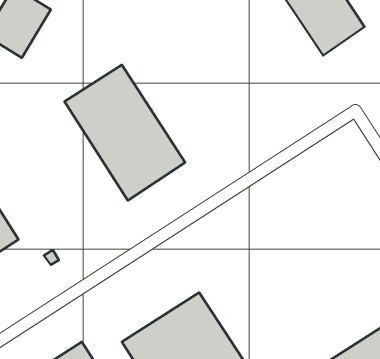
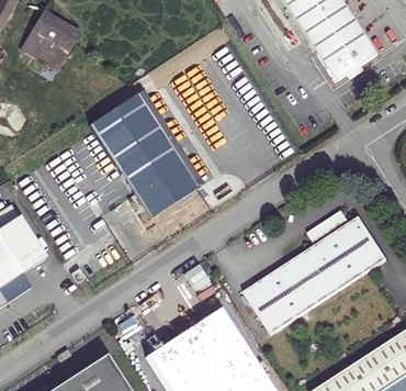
building: none -> [244,210,387,332]

